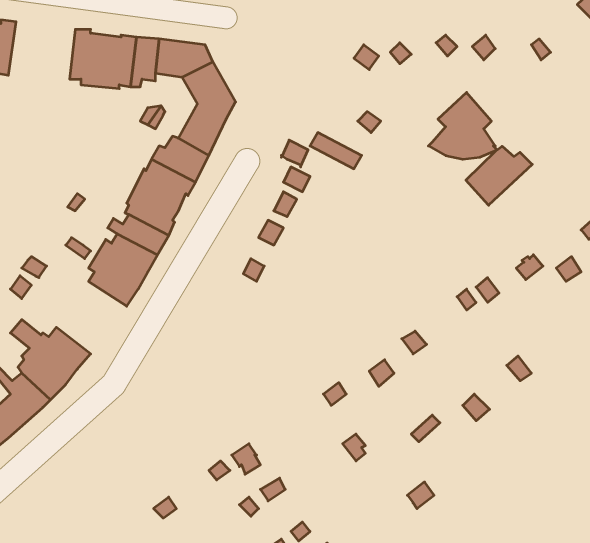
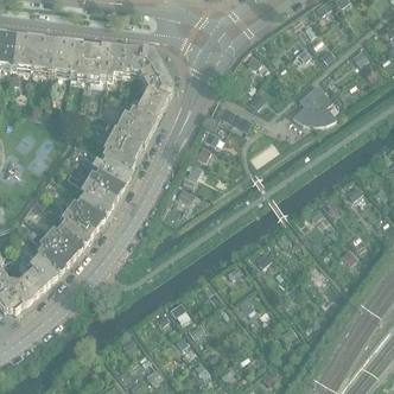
building: none -> [28,42,70,80]
building: [466,146,532,205] -> none
building: none -> [56,203,102,248]

